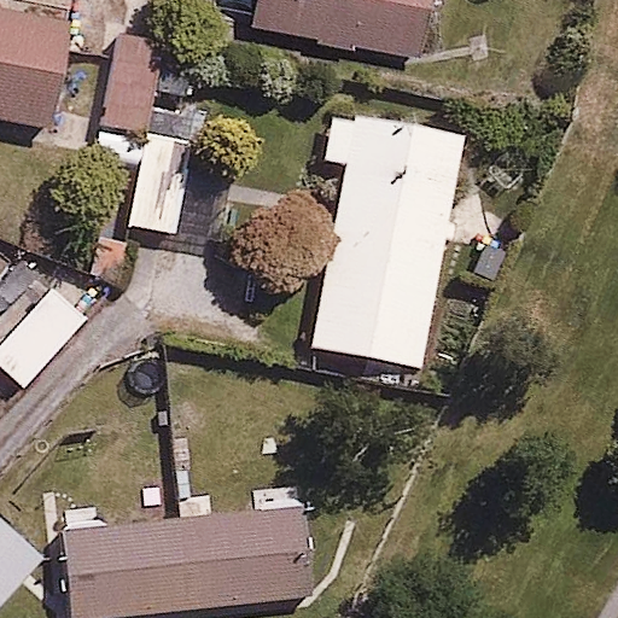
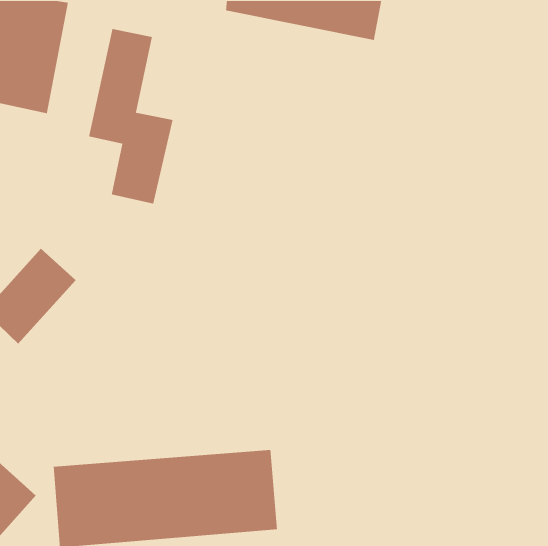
building: [309,107,465,368] -> none

